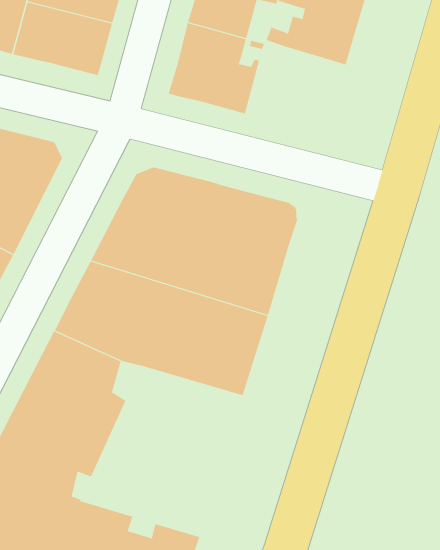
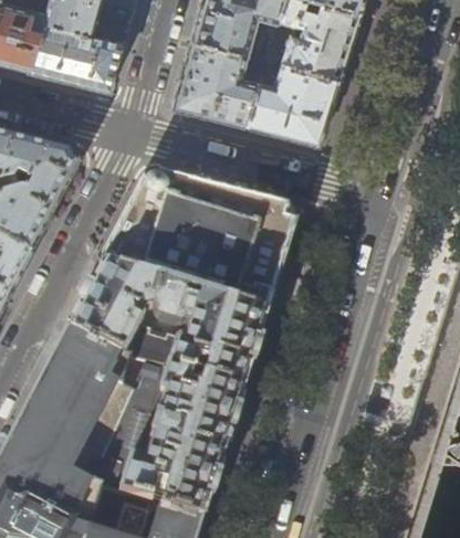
building: none -> [244,64,337,146]
building: none -> [92,360,242,518]

